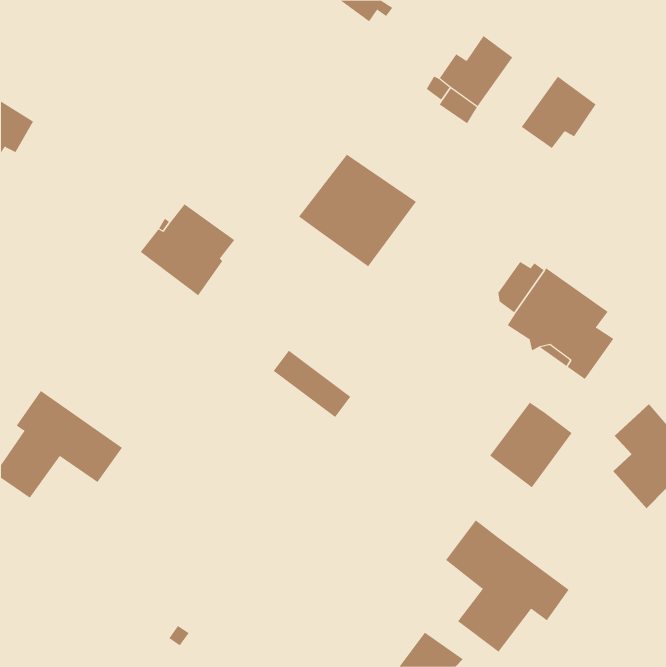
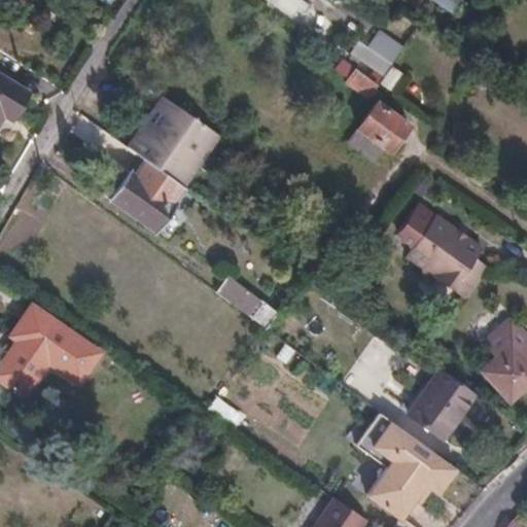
building: [521,76,597,149] -> [349,103,409,161]
building: [298,154,417,267] -> [131,100,224,189]
building: [489,402,573,488] -> [410,371,476,438]

